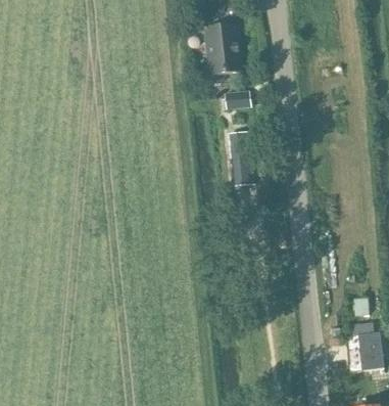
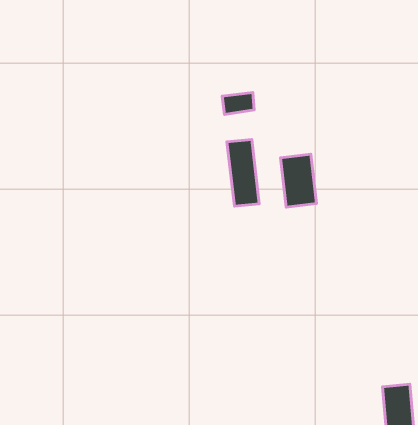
building: [205,24,242,74] -> none
building: none -> [280,154,316,207]

